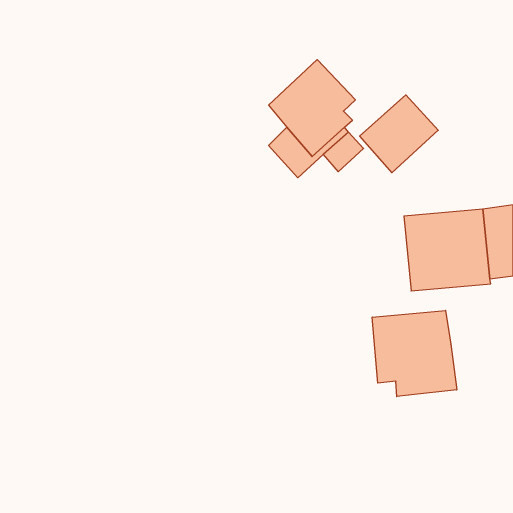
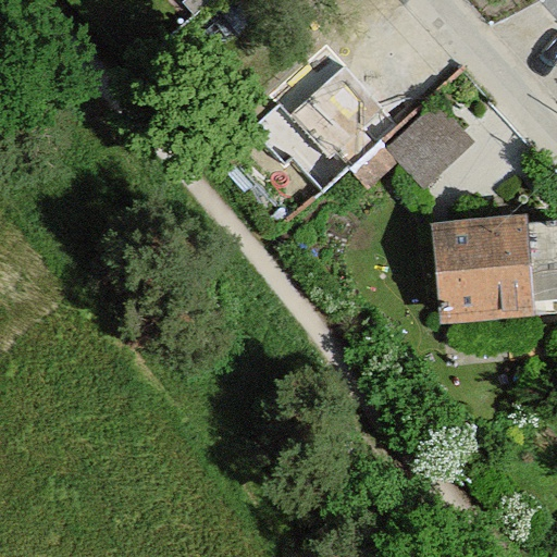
building: [372,310,457,397] -> none

